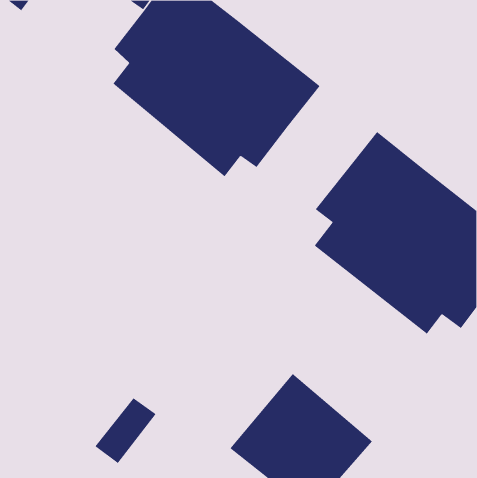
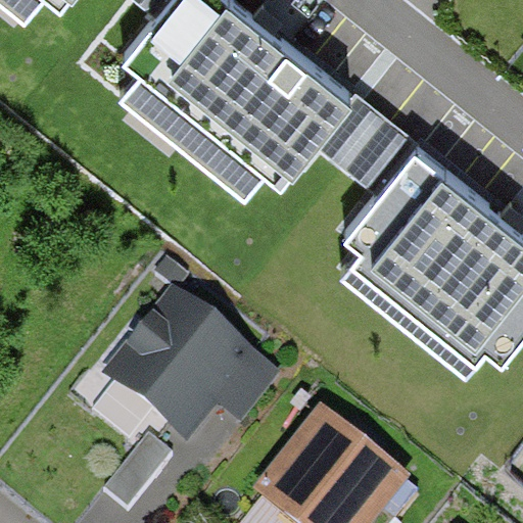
building: none -> [315,88,417,188]
building: none -> [103,289,278,444]

